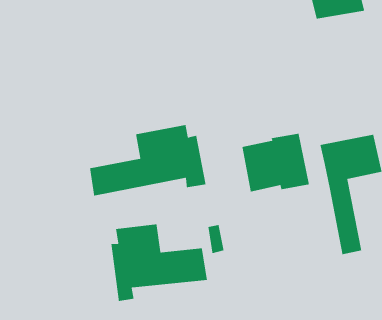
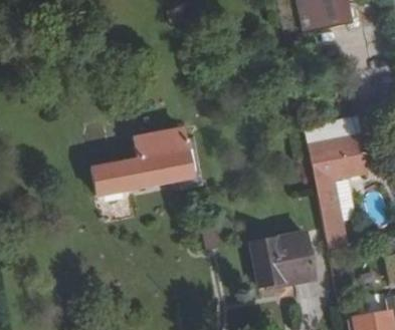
building: [242,133,310,192] -> [249,230,314,286]
building: [110,224,208,302] -> none

